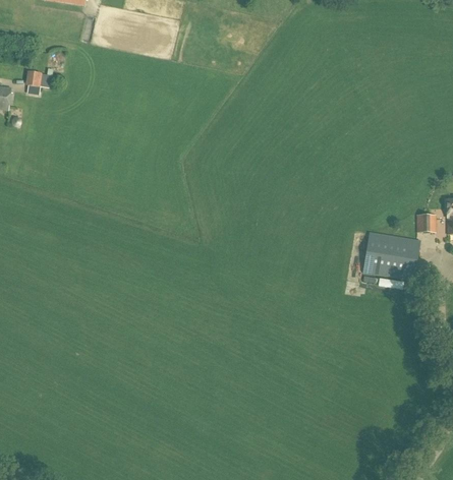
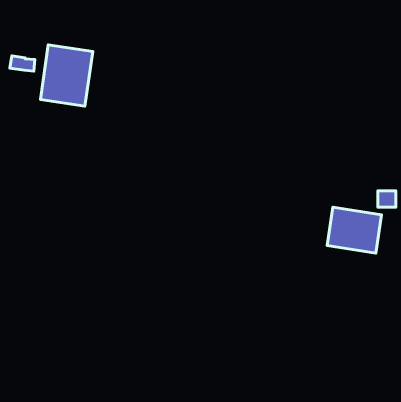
building: none -> [40,45,93,106]

